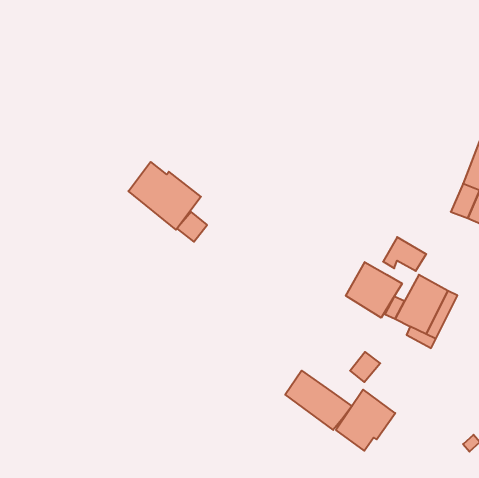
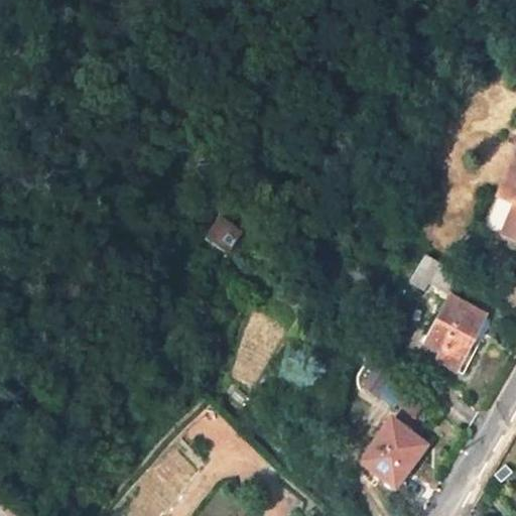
building: [128,162,201,230] -> none
building: [346,262,402,318] -> none
building: [285,371,352,430] -> none

